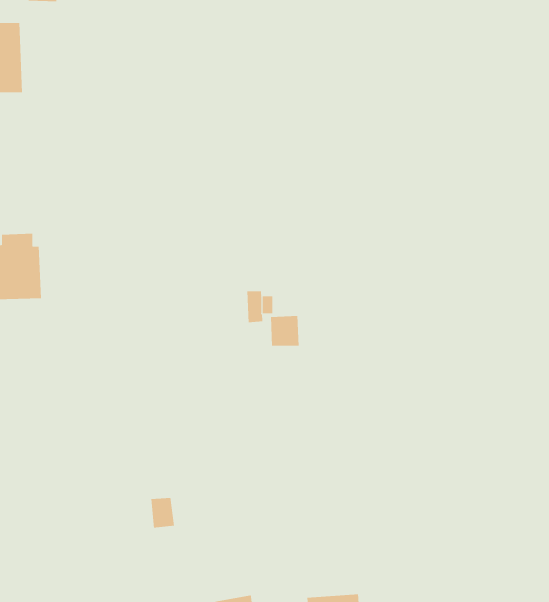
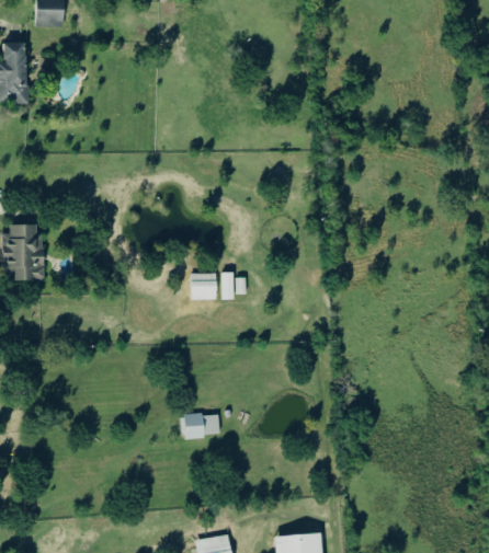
building: [270,316,299,346] -> [190,273,215,299]
building: [151,498,175,528] -> [183,414,204,440]

